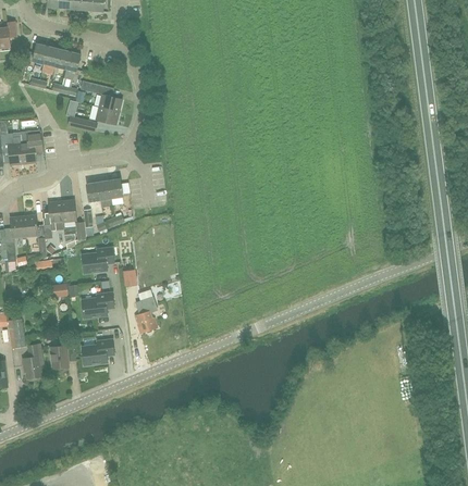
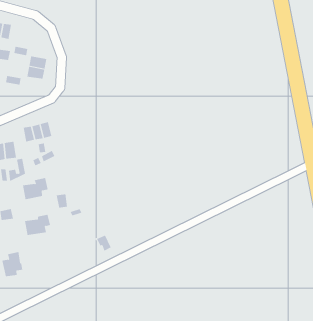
building: [134,296,157,332] -> none
building: [81,339,113,364] -> none

